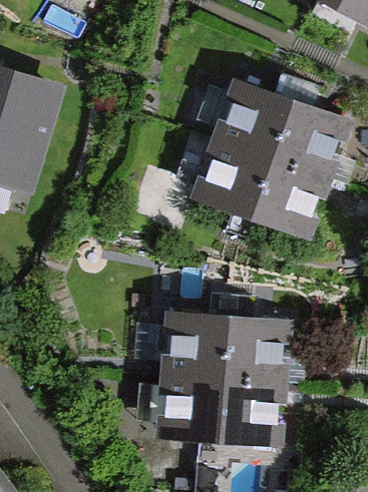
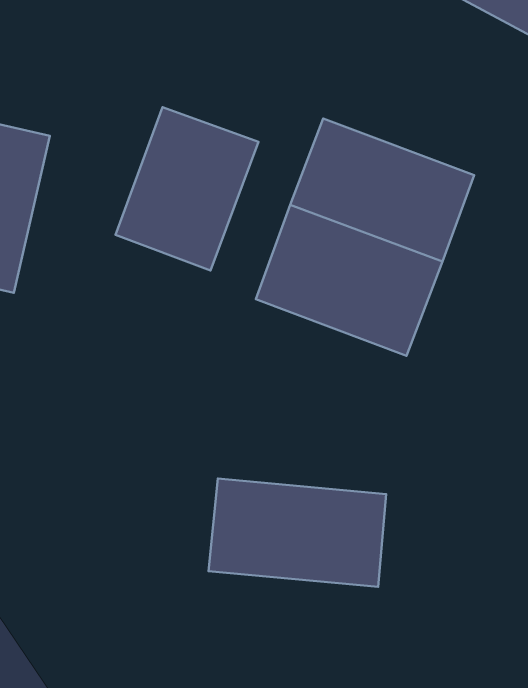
building: none -> [116,107,258,270]
building: [156,370,270,440] -> none

